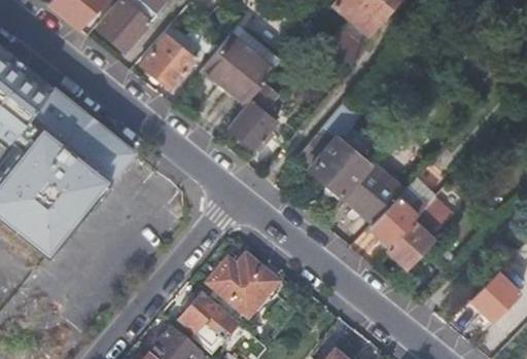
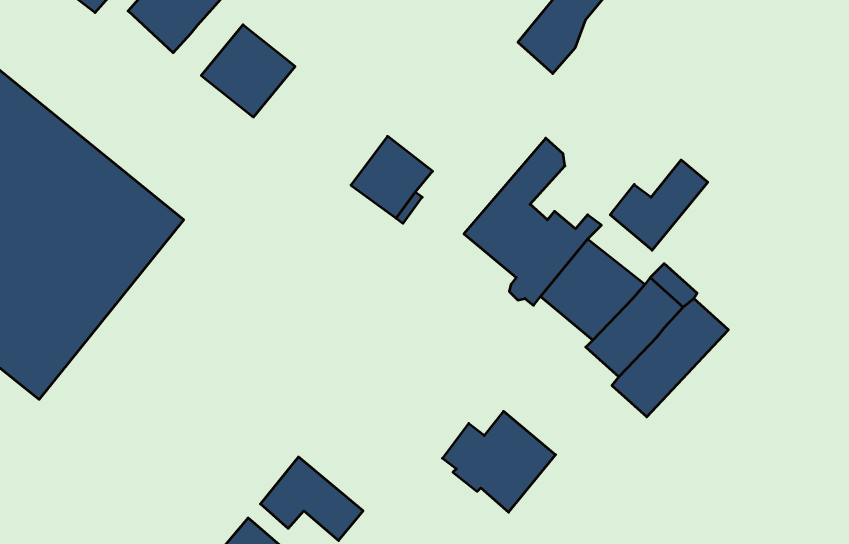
building: [204,27,281,103] -> none
building: none -> [610,160,708,250]
building: [208,254,275,314] -> [442,411,556,512]
building: [471,271,521,320] -> none

